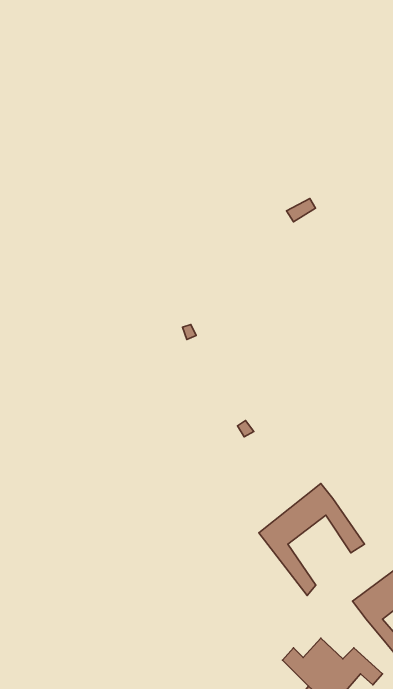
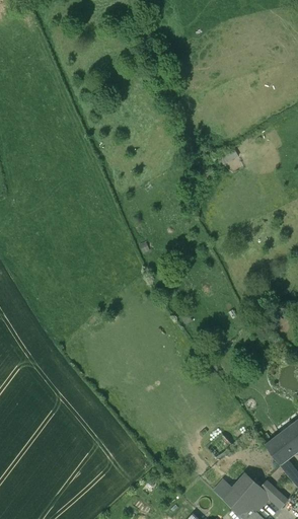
building: [259,483,365,596] -> none

